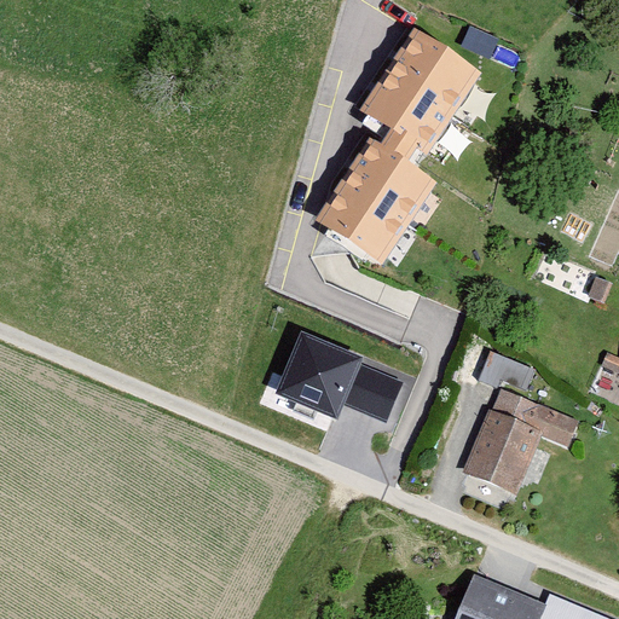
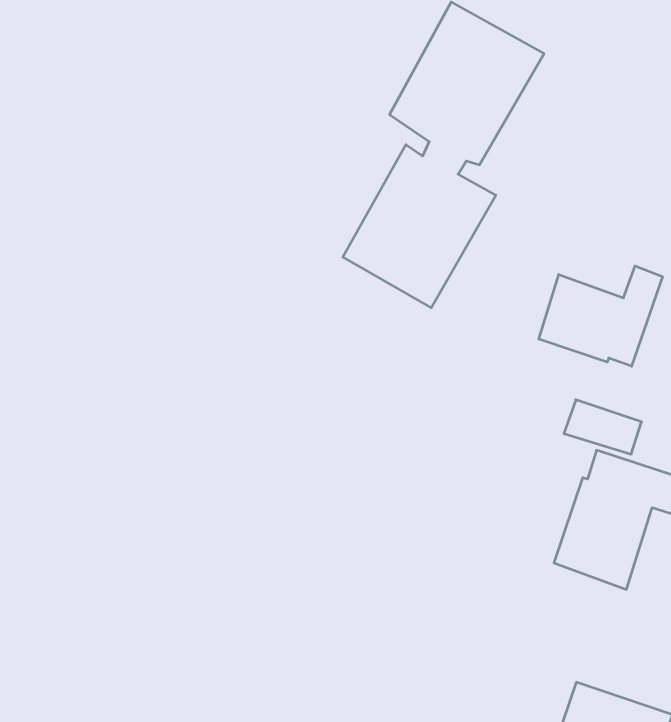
building: none -> [539,266,662,366]
building: [273,336,401,424] -> none

